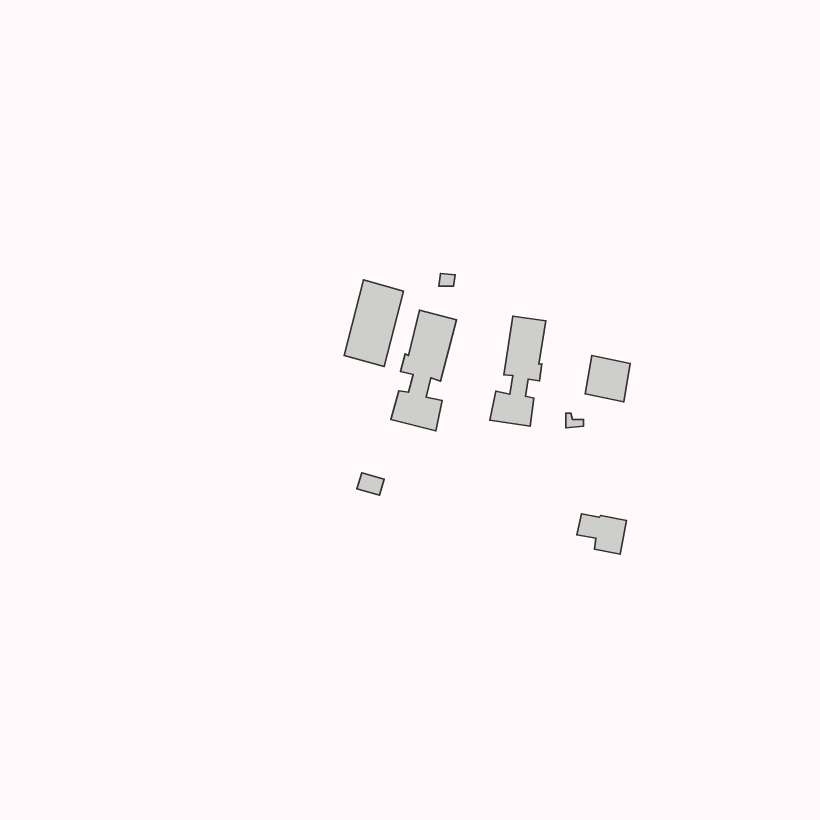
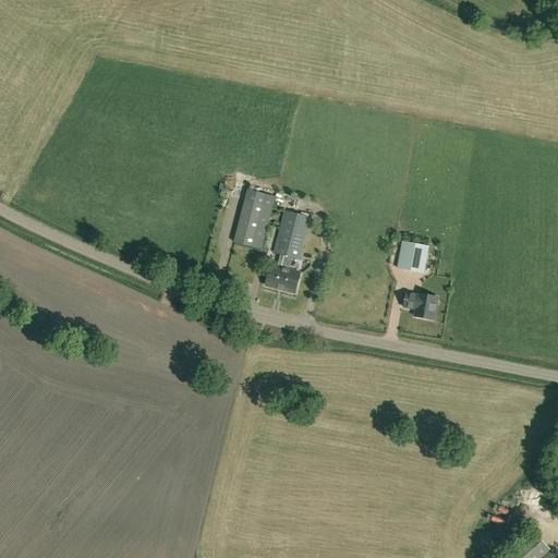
building: [490,316,546,426] -> none
building: [577,514,627,554] -> [402,292,436,319]

